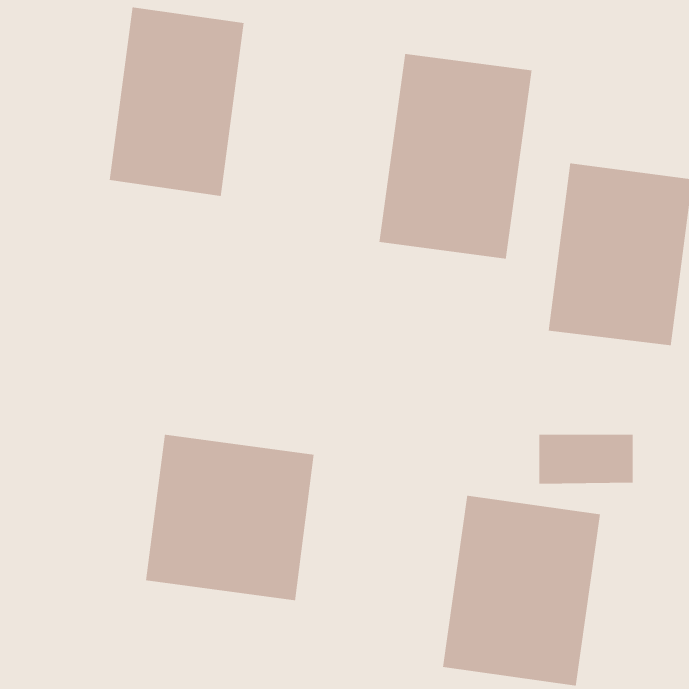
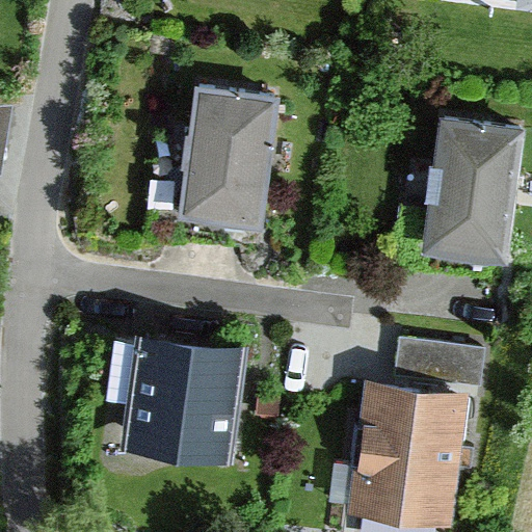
building: [109,7,245,197] -> [178,88,282,234]
building: [379,53,532,259] -> none

